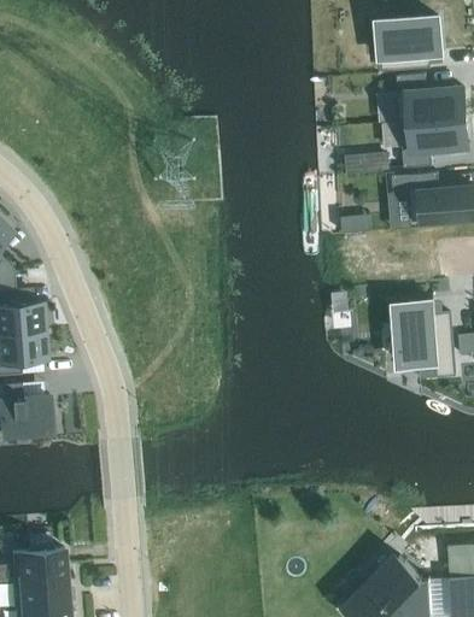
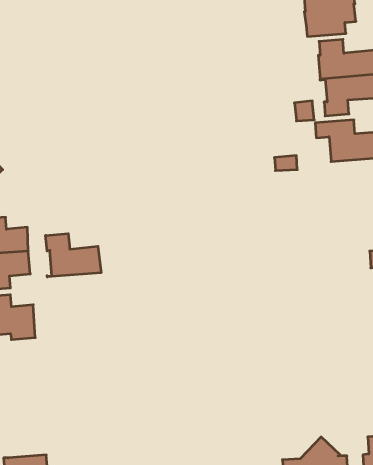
building: [396,301,455,376] -> none
building: none -> [46,234,101,277]
building: [18,543,66,581] -> none

